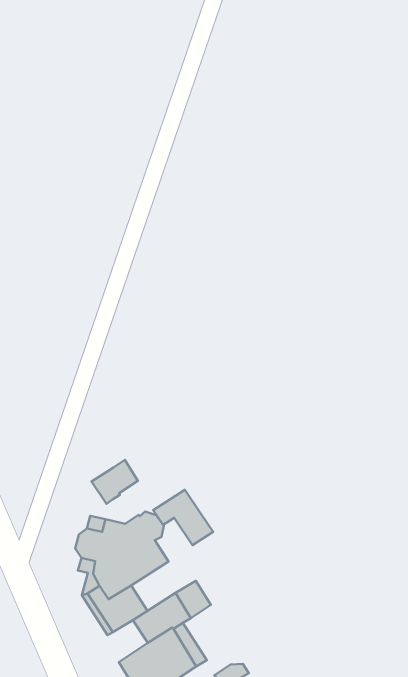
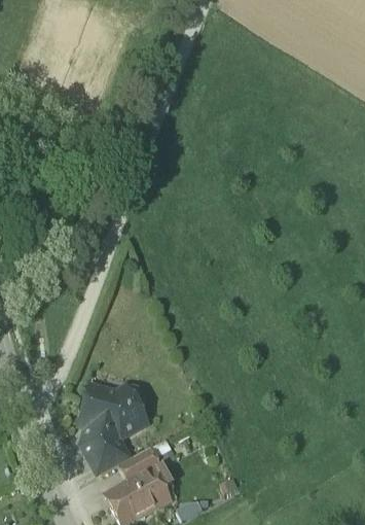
building: [92,460,138,504] -> none
building: [153,490,213,545] -> none

